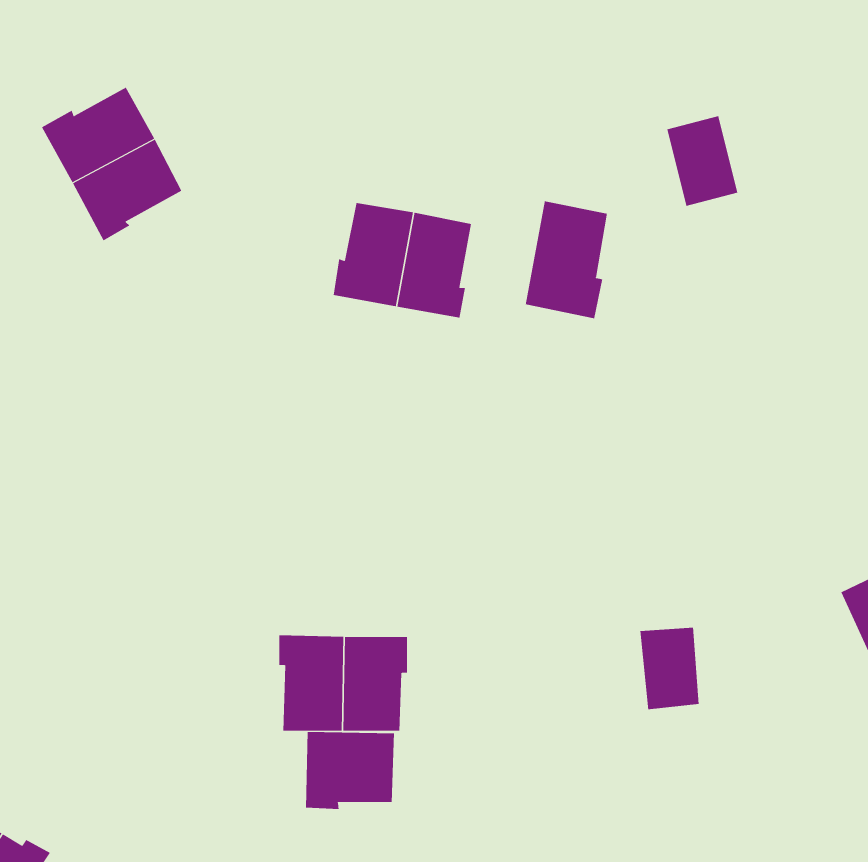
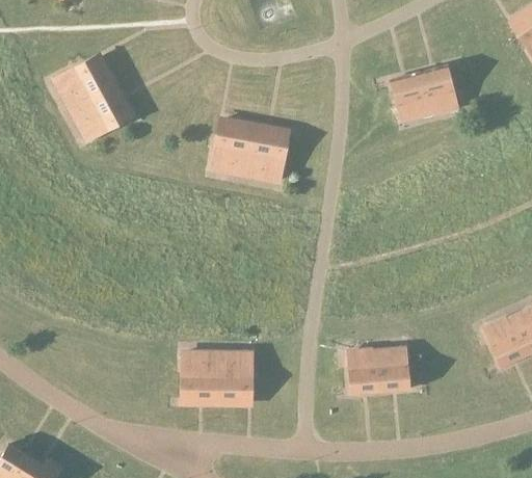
building: none -> [420,65,458,114]
building: [525,200,607,319] -> none
building: none -> [349,350,381,395]
building: [305,731,394,810] -> none

